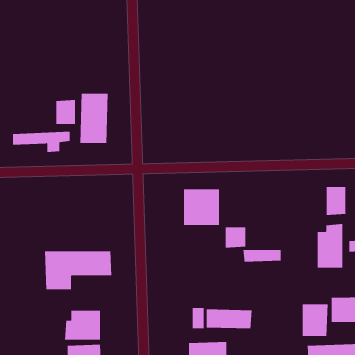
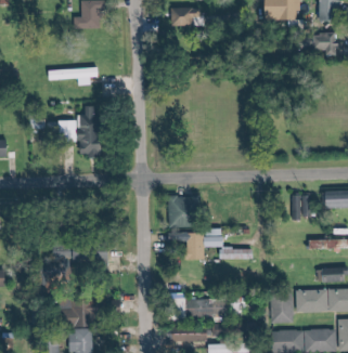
building: [12,131,70,153] -> [48,67,98,86]
building: [317,223,343,269] -> none
building: none -> [166,232,203,260]

